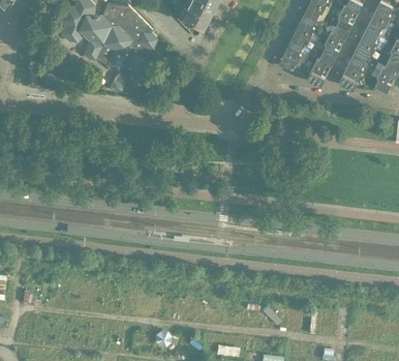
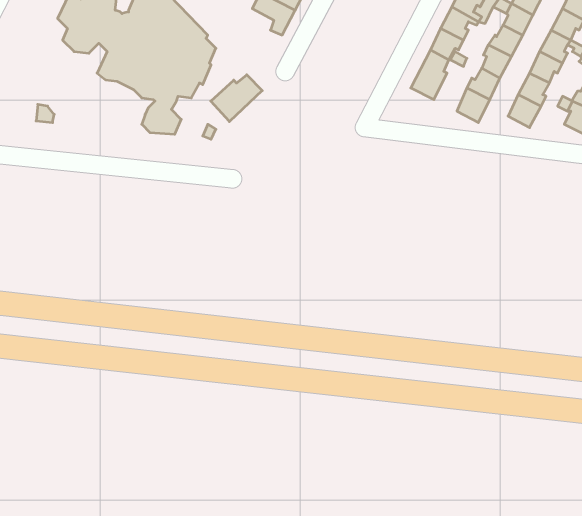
building: none -> [211,75,262,122]

